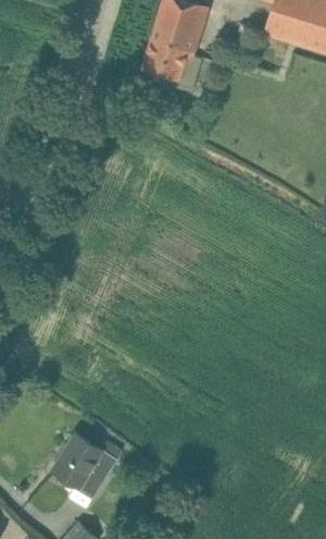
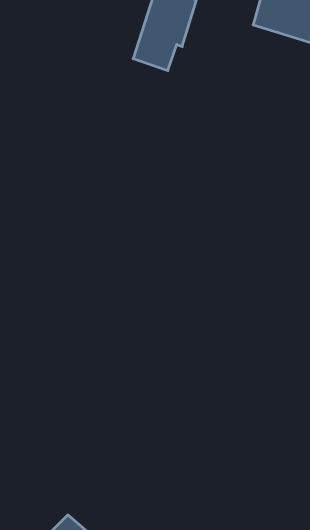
building: [51,432,117,497] -> none

